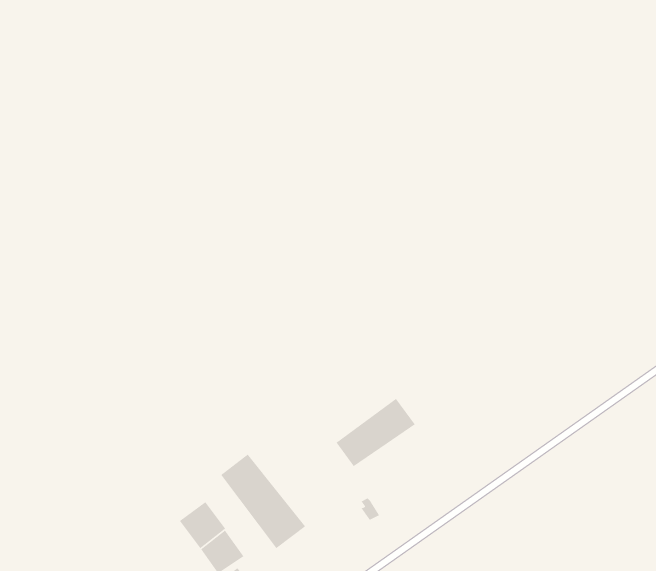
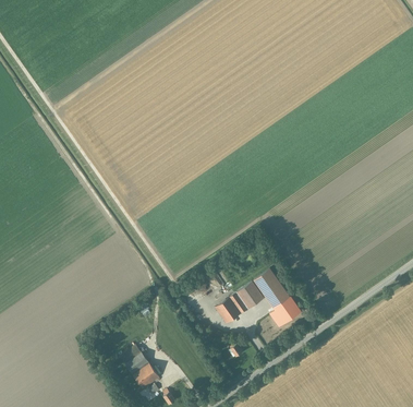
building: none -> [254,268,300,326]
building: [220,453,306,549] -> none

